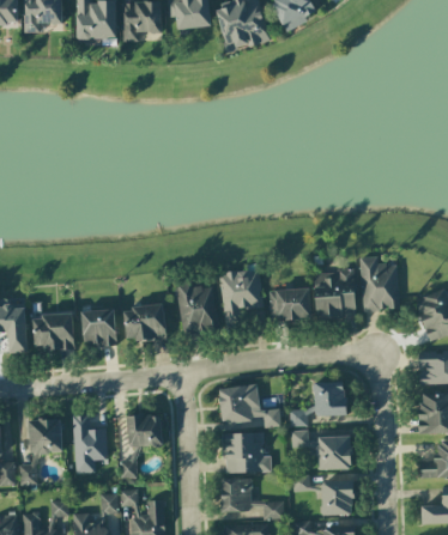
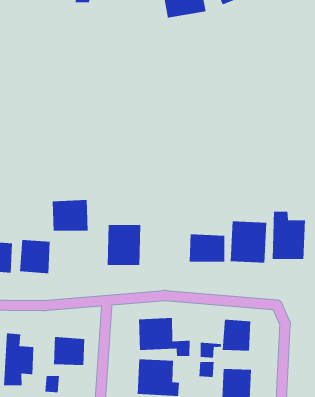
building: [220,270,262,326] -> none
building: [123,304,167,342] -> [52,199,88,231]

